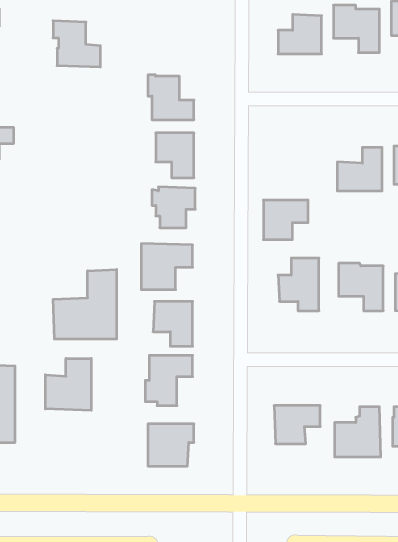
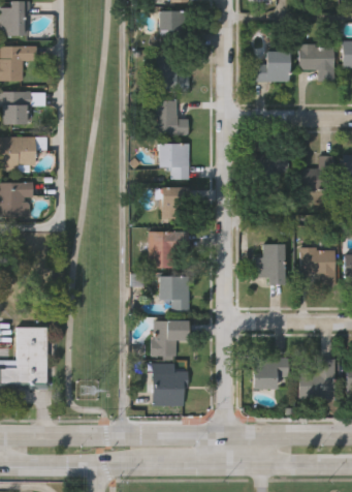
building: [53,21,100,67] -> [151,54,188,90]
building: [263,200,308,240] -> [255,154,290,185]
building: [53,269,117,339] -> none
building: [45,358,91,410] -> none

